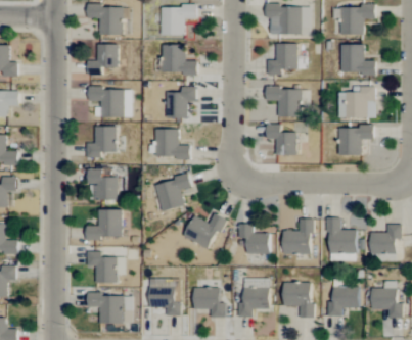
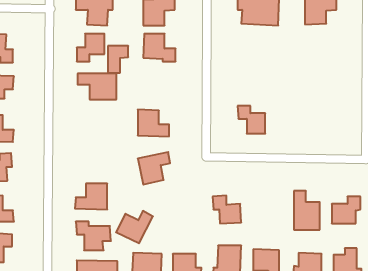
building: [268,44,297,76] -> none
building: [340,45,375,75] -> none
building: [338,87,376,118] -> none
building: [266,88,302,117] -> none
building: [174,89,196,118] -> [108,46,128,73]
building: [86,127,117,158] -> none
building: [338,127,374,155] -> none
building: [87,169,119,200] -> none
building: [184,213,225,249] -> [116,211,153,243]
building: [283,220,313,254] -> none

